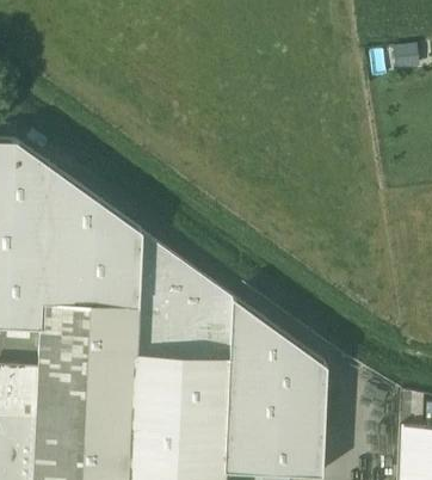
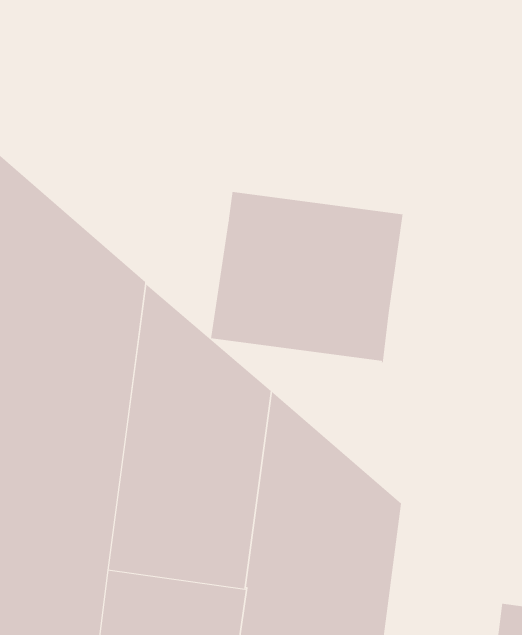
building: none -> [210,191,403,363]

